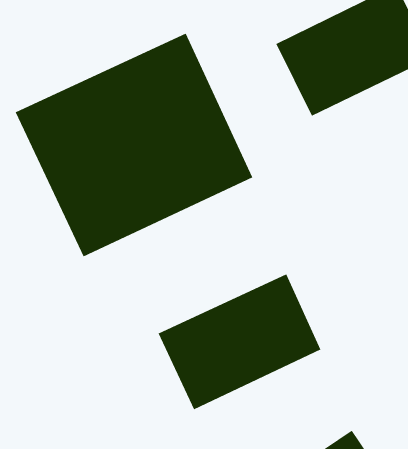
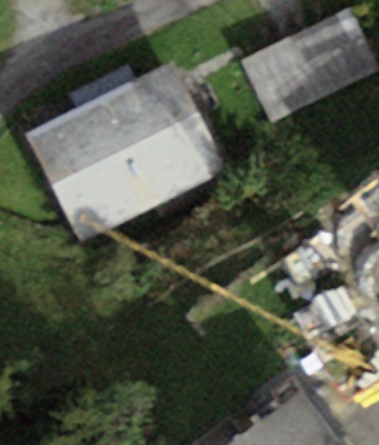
building: [158,274,321,410] -> none

